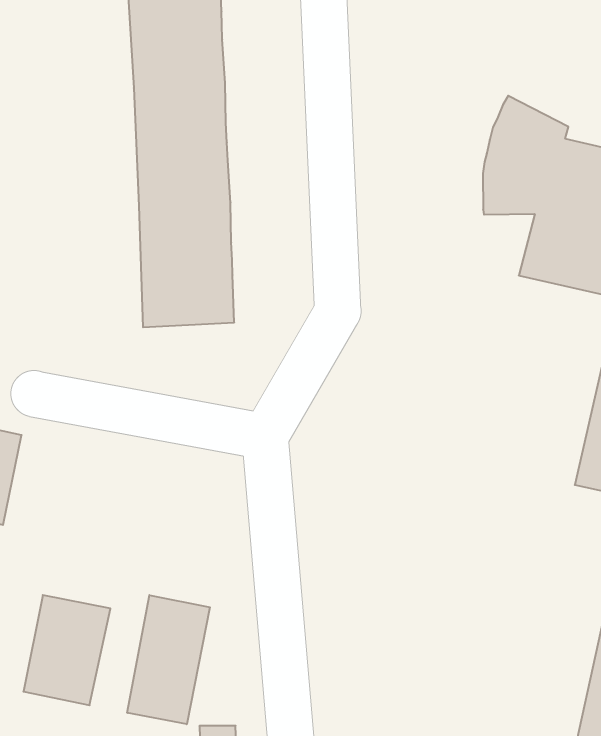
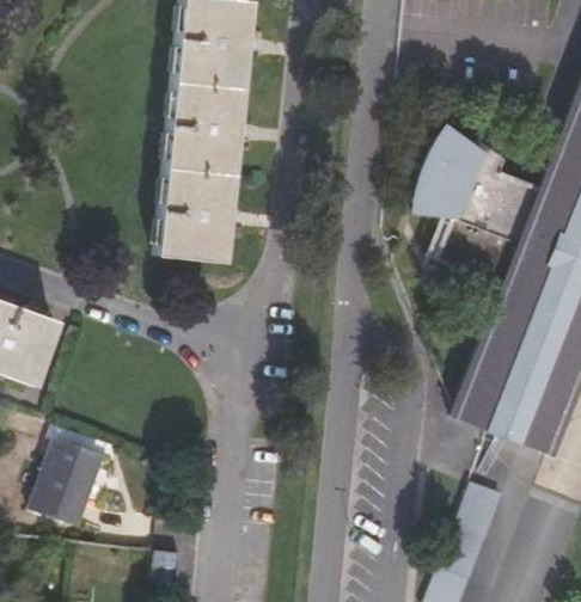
building: [127,595,210,724] -> none

